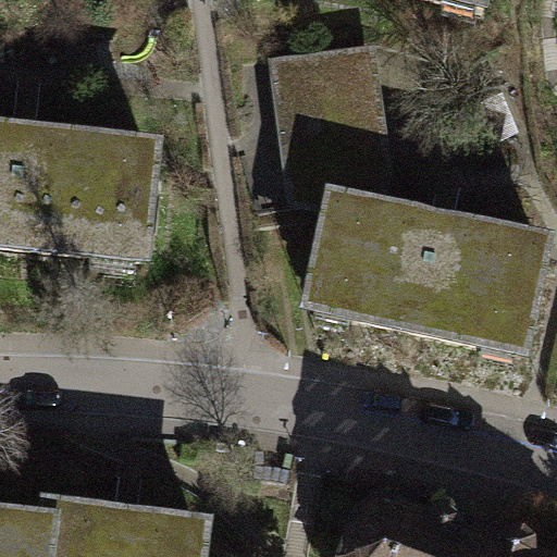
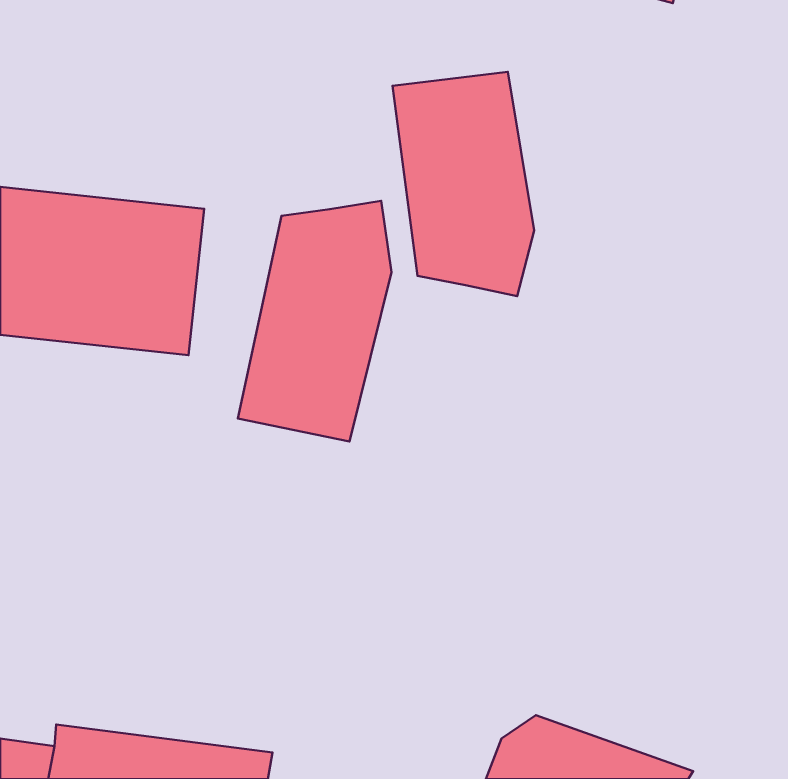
building: none -> [238,201,391,441]
building: [309,199,539,344] -> none

